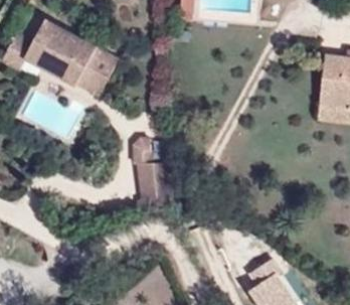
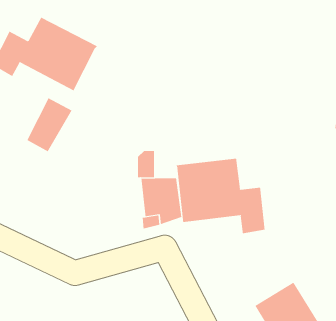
building: [76,45,119,96] -> [26,97,72,152]
building: none -> [176,158,265,234]

